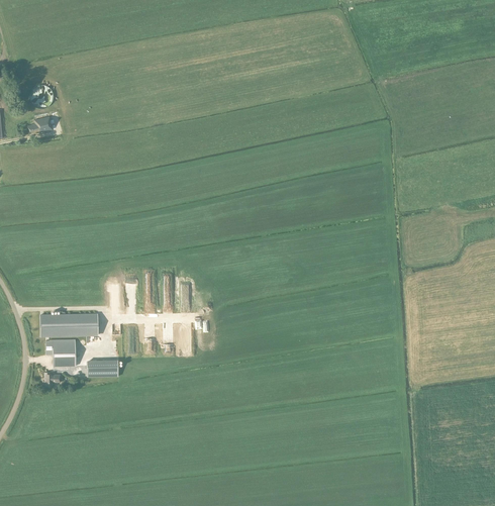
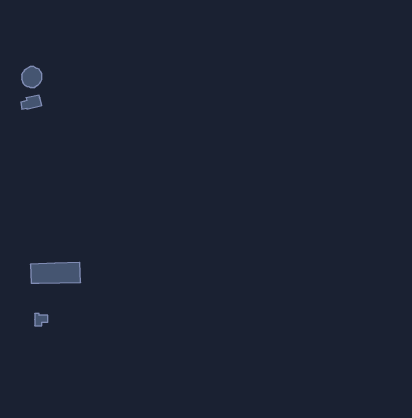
building: [46,339,76,366] -> none
building: [88,360,118,376] -> none

